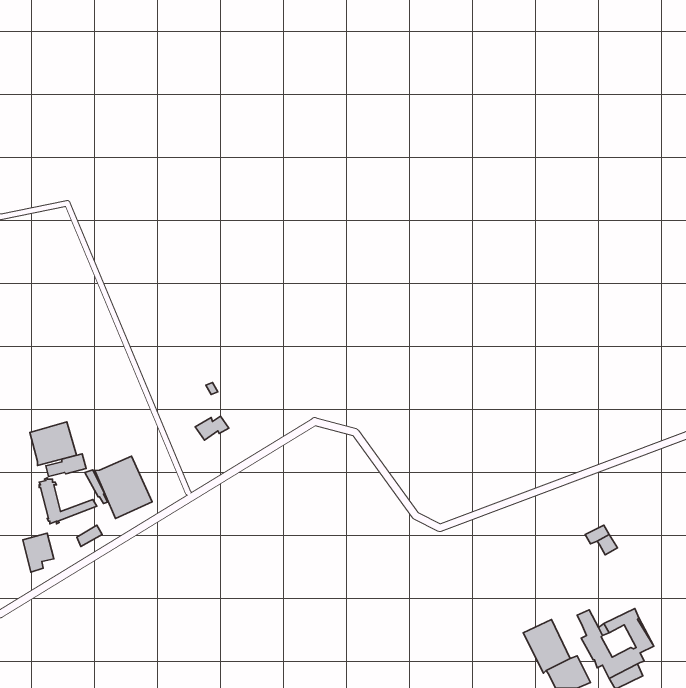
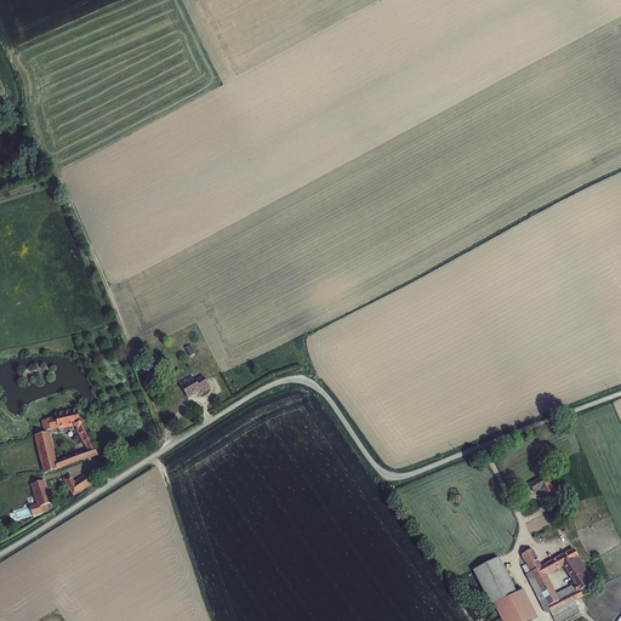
building: [30,422,76,466] -> none
building: [95,456,152,519] -> none

